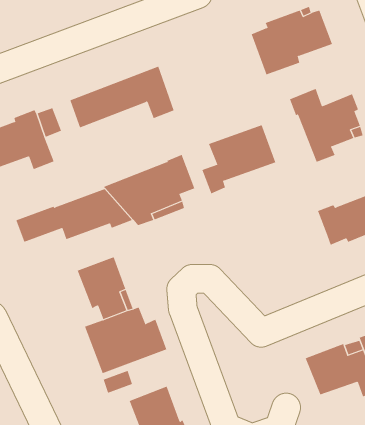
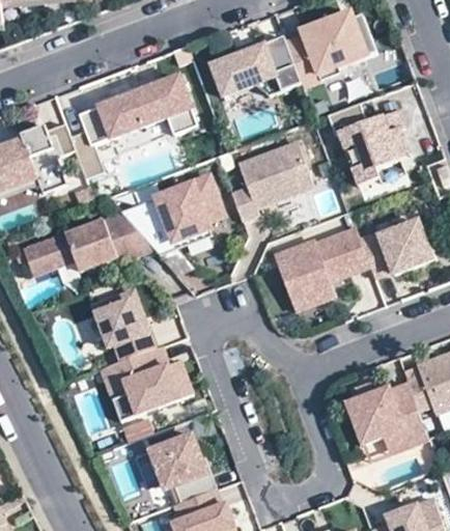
building: none -> [210,35,301,95]
building: none -> [275,227,369,309]

